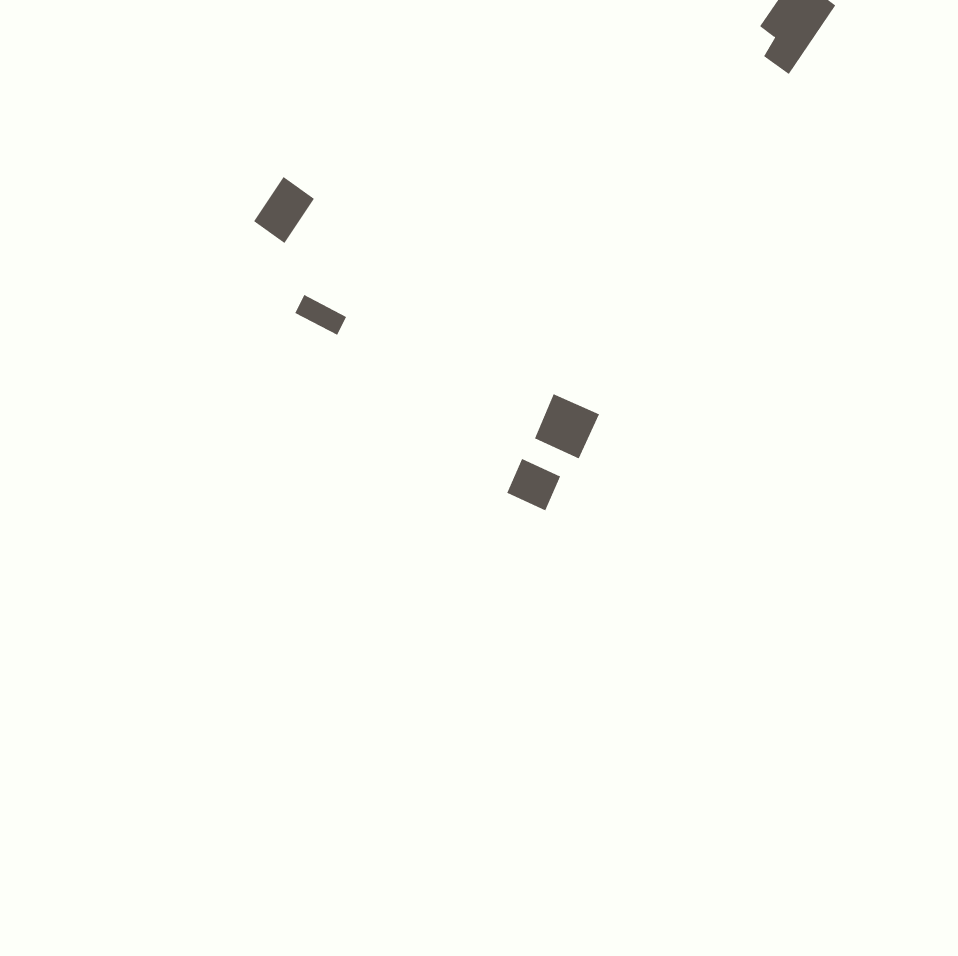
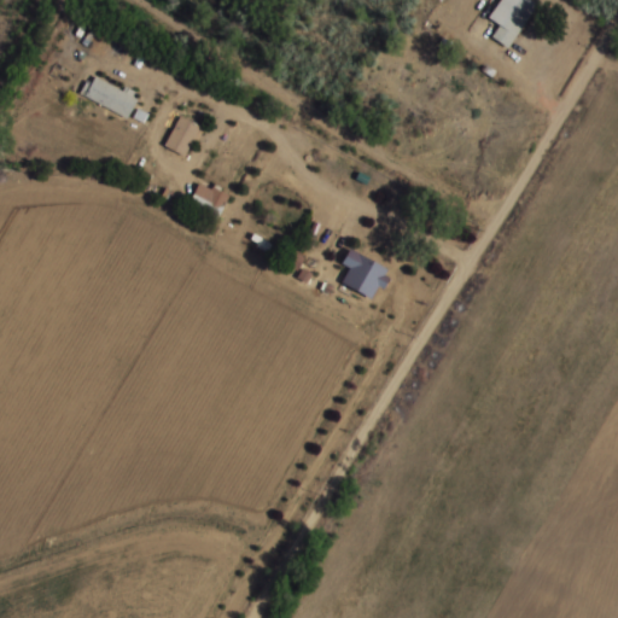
building: none -> [80,75,138,115]
building: [507,458,561,511] -> none

